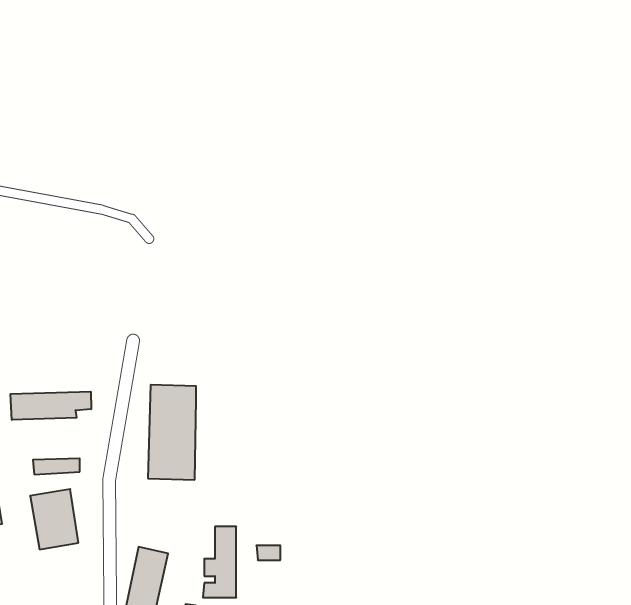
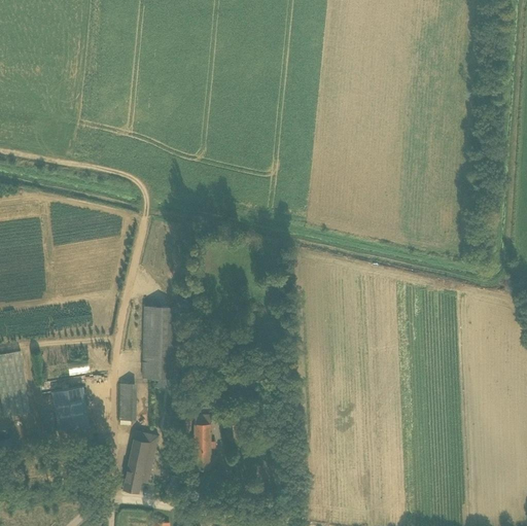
building: [11,392,91,420] -> none
building: none -> [118,383,137,424]

